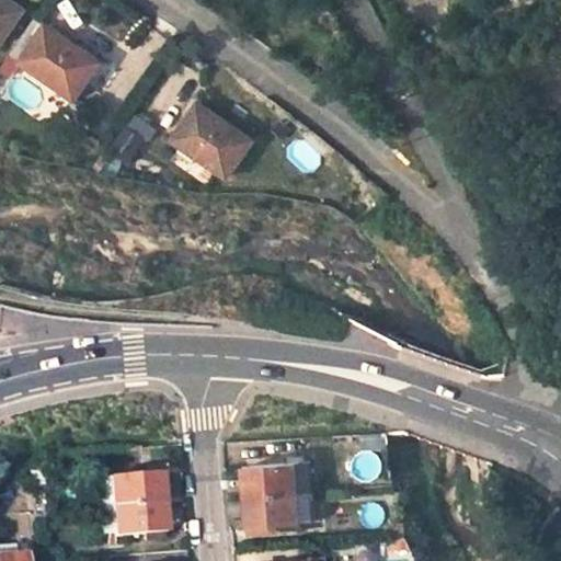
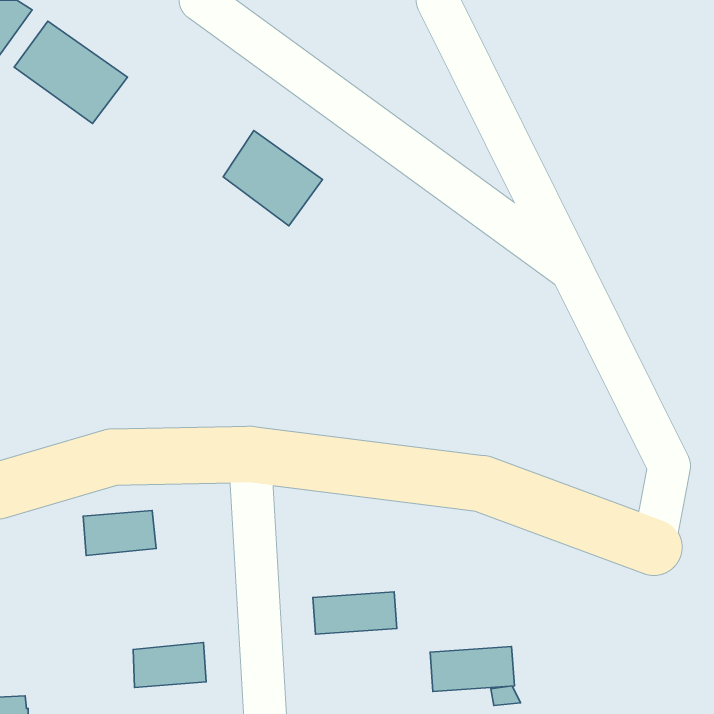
building: [102,474,159,510] -> [83,511,156,556]
building: [247,493,312,528] -> [430,647,514,691]

